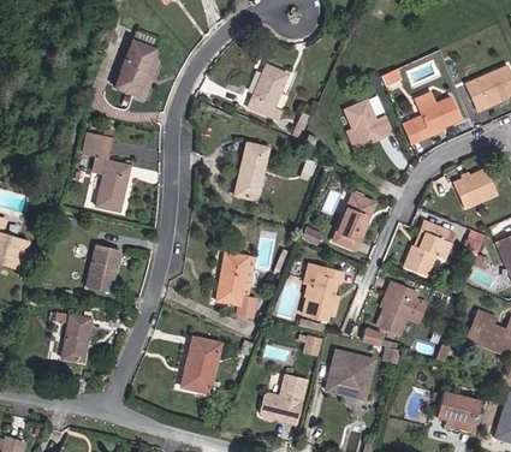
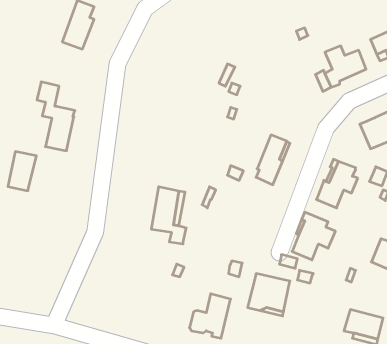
building: [249,65,287,119] -> none
building: [344,99,393,149] -> none
building: [234,142,268,200] -> none
building: [88,245,120,290] -> [8,152,36,191]
building: [303,263,343,320] -> none
building: [57,311,91,361] -> none
building: [182,335,221,392] -> none

